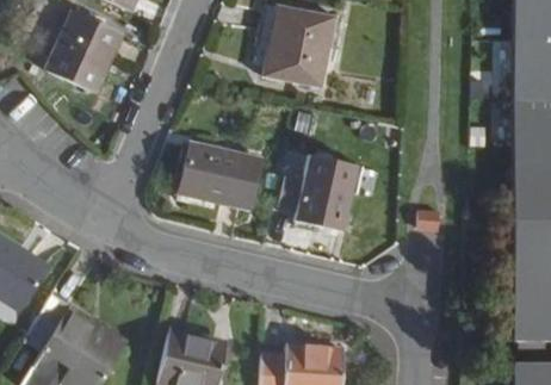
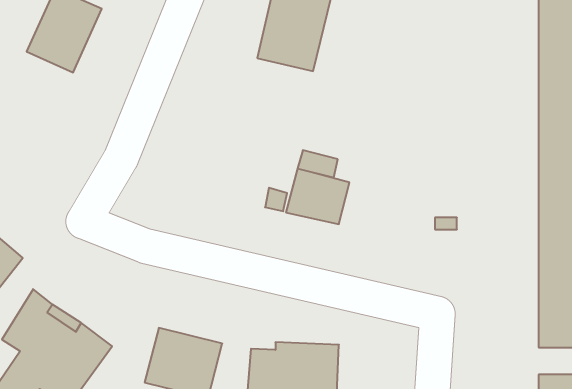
building: [174,144,255,209] -> none

